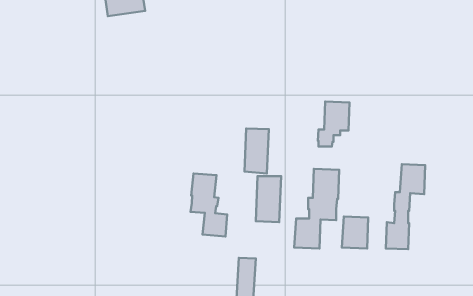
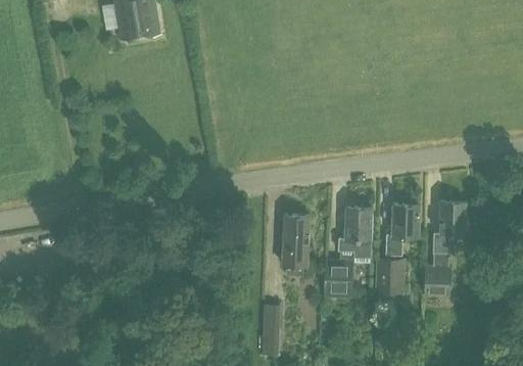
building: [318,101,349,146] -> [384,205,419,255]
building: [245,128,269,173] -> none
building: [191,173,227,237] -> none

